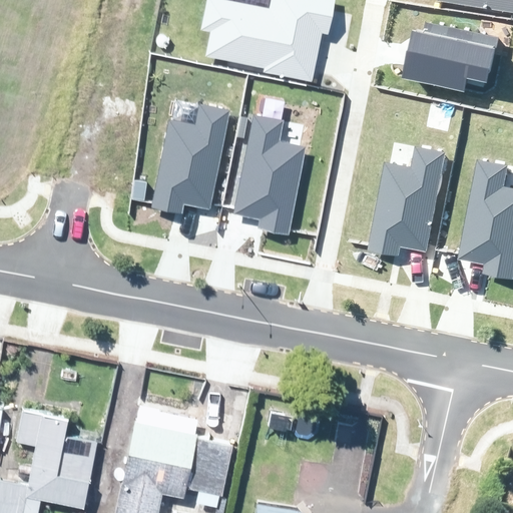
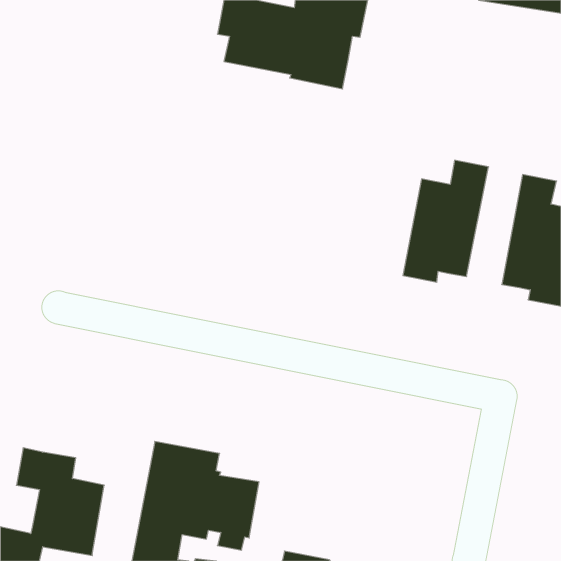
building: [401,22,498,92] -> none
building: [152,104,229,214] -> none
building: [233,114,306,235] -> none

